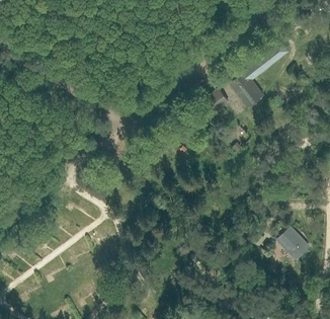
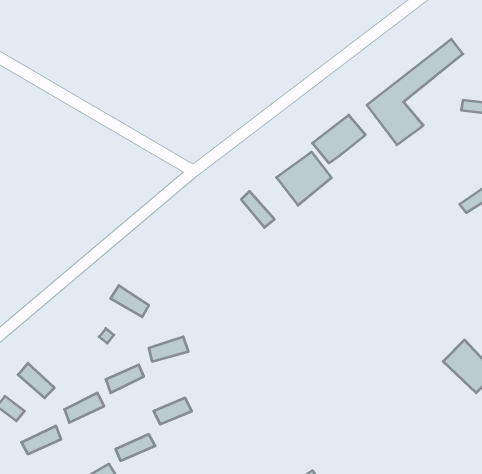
building: none -> [276,152,331,205]

